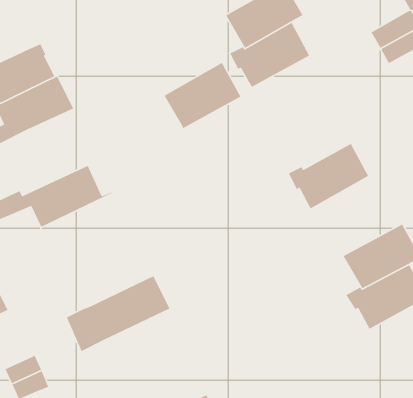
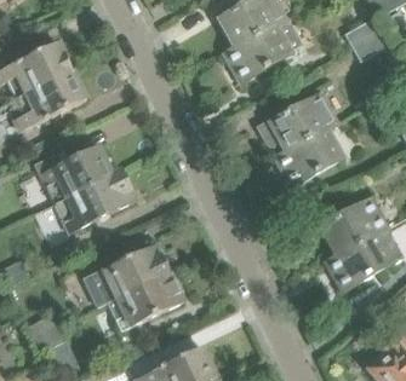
building: [163,62,242,129] -> [268,93,336,151]
building: none -> [57,172,133,231]
building: none -> [111,272,183,330]

